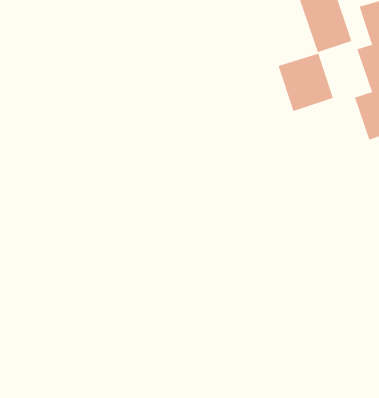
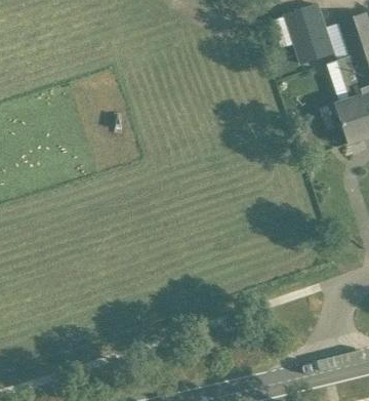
building: [278,53,333,112] -> none

